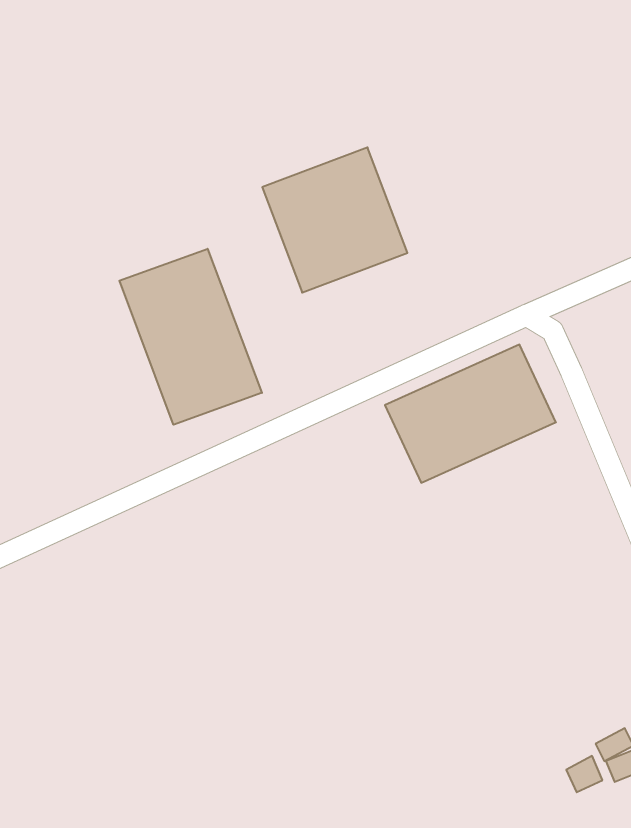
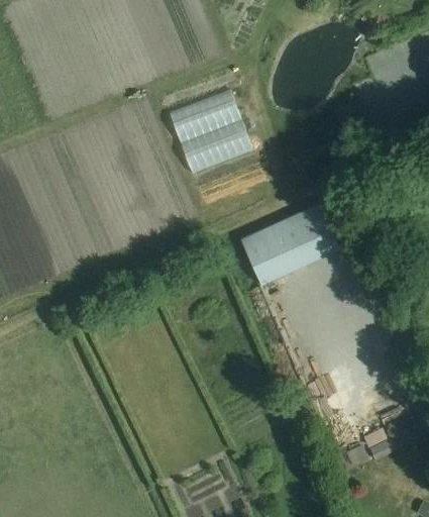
building: [119,249,262,425] -> none

